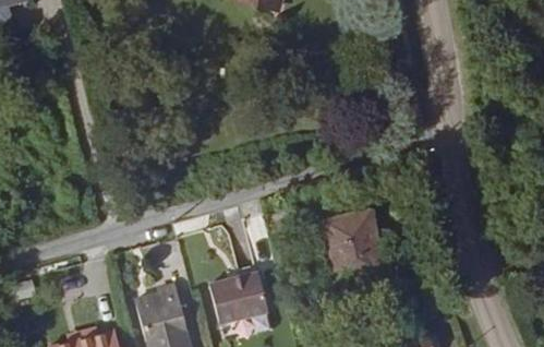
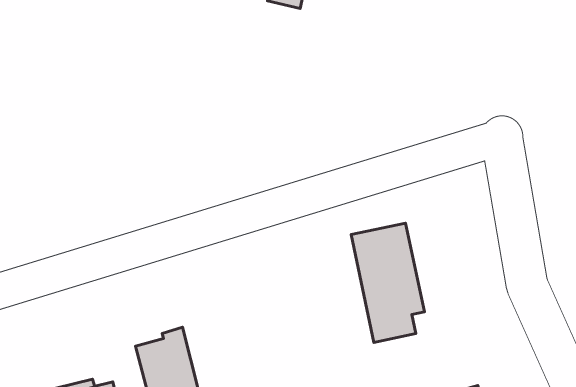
building: [209,273,268,325] -> none

